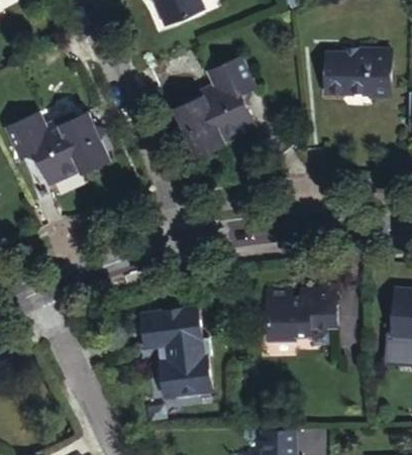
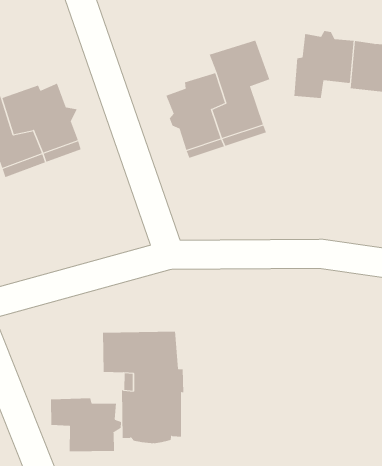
building: none -> [294,30,354,99]
building: [265,285,337,340] -> none
building: none -> [50,398,122,452]

